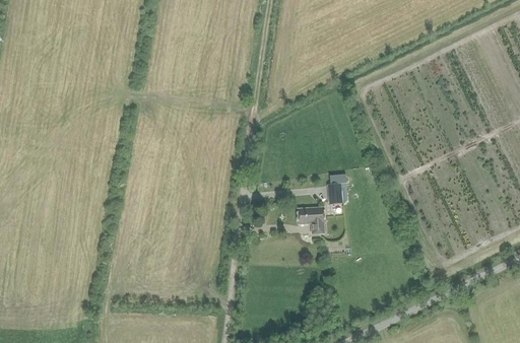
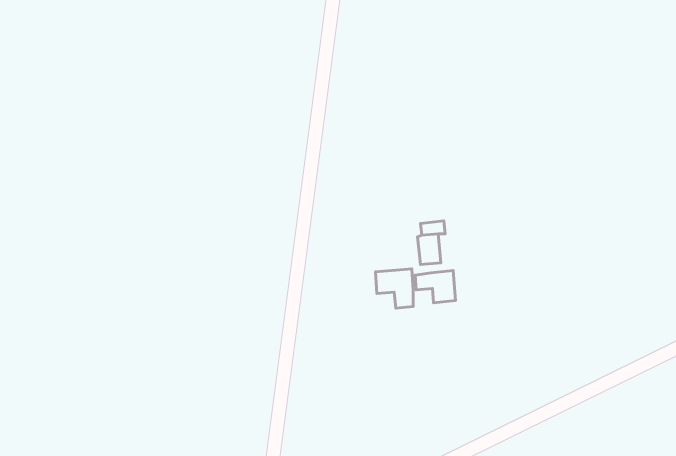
building: none -> [415,271,456,303]

